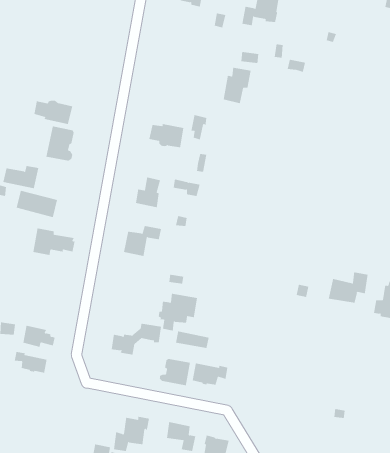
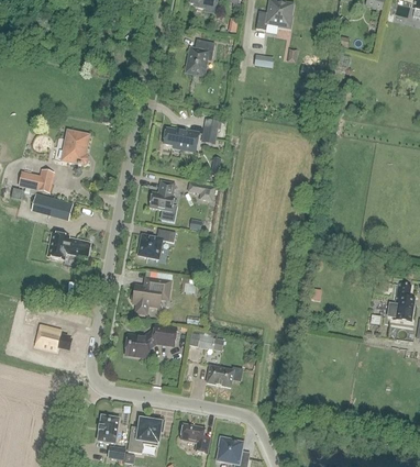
building: [223,67,251,104] -> [186,40,214,76]
building: [34,100,73,125] -> none
building: [328,271,368,304] -> none
building: [158,293,198,331] -> [131,277,170,314]
building: [14,351,47,373] -> none
building: [159,358,190,386] -> none
building: none -> [97,415,119,443]

